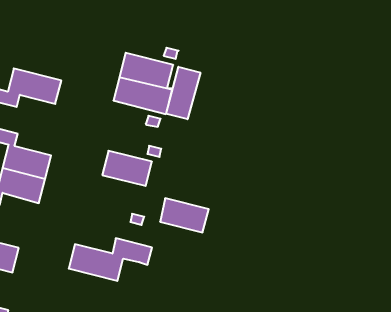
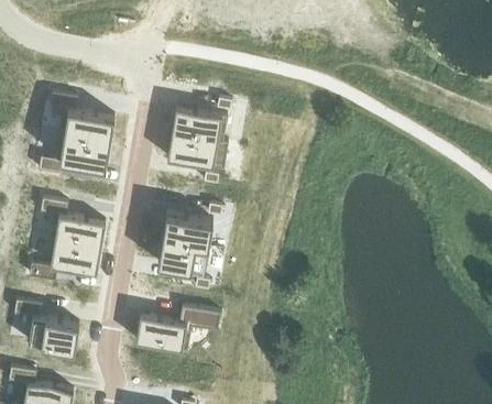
building: none -> [50,92,114,142]
building: [166,67,200,119] -> none
building: [160,198,209,232] -> [158,239,209,272]

